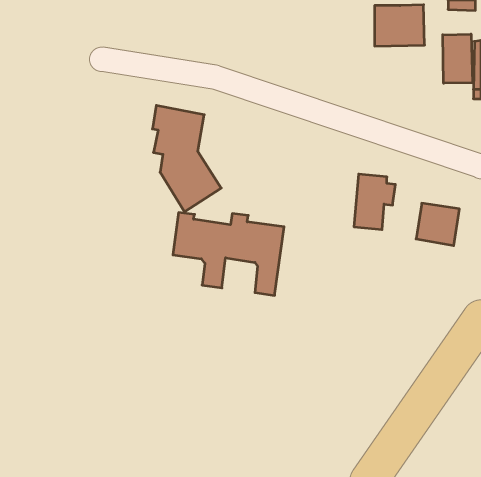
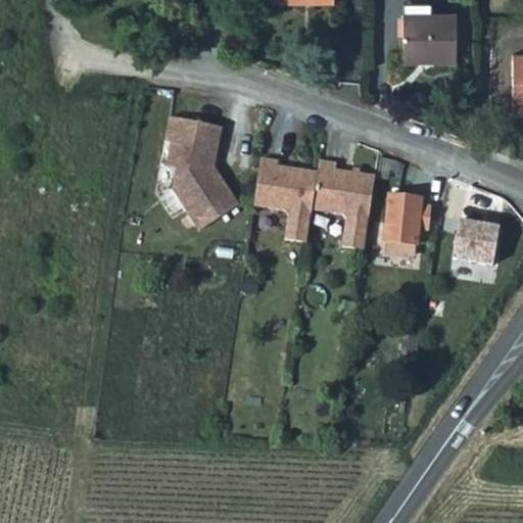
building: [443,34,473,83] -> none
building: [173,213,284,295] -> [253,157,374,247]

